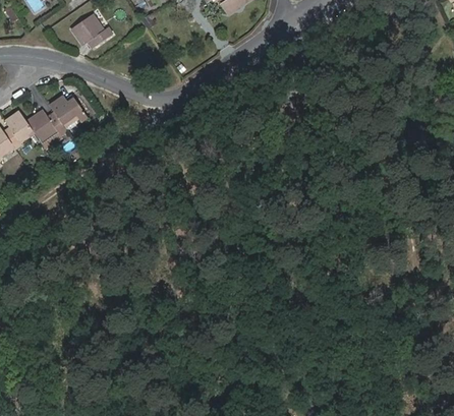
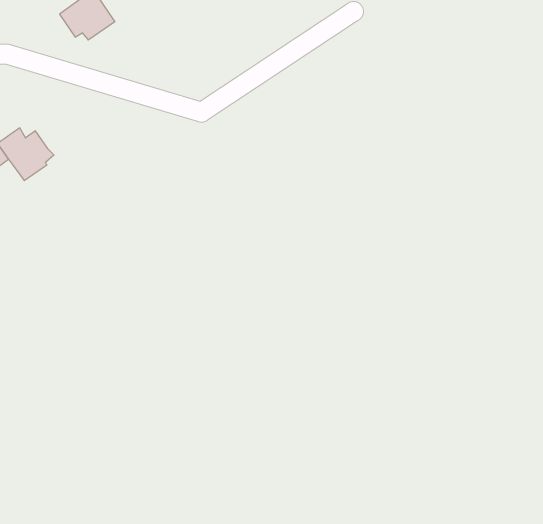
building: [49,95,87,125] -> none

